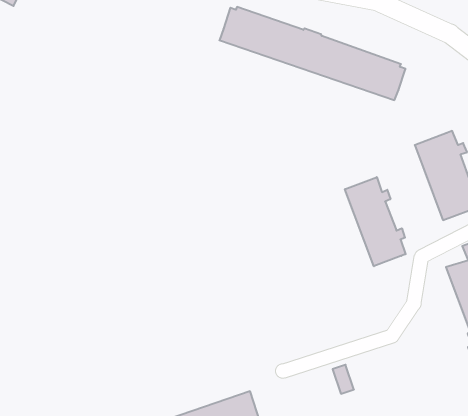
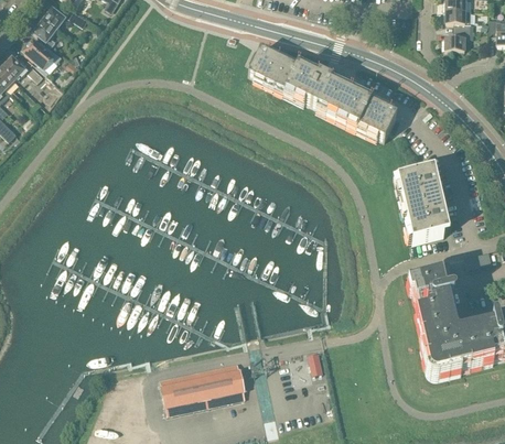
building: [345,177,406,266] -> none

